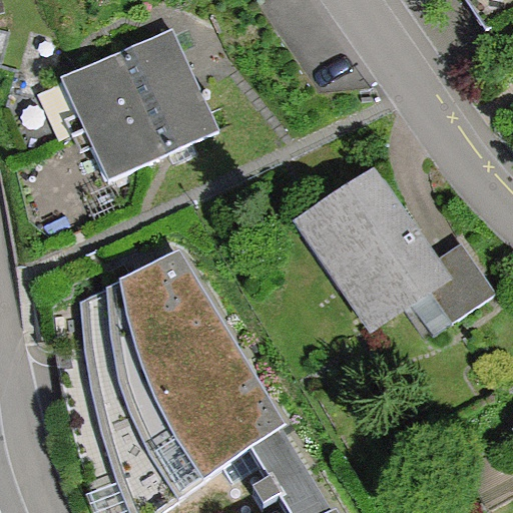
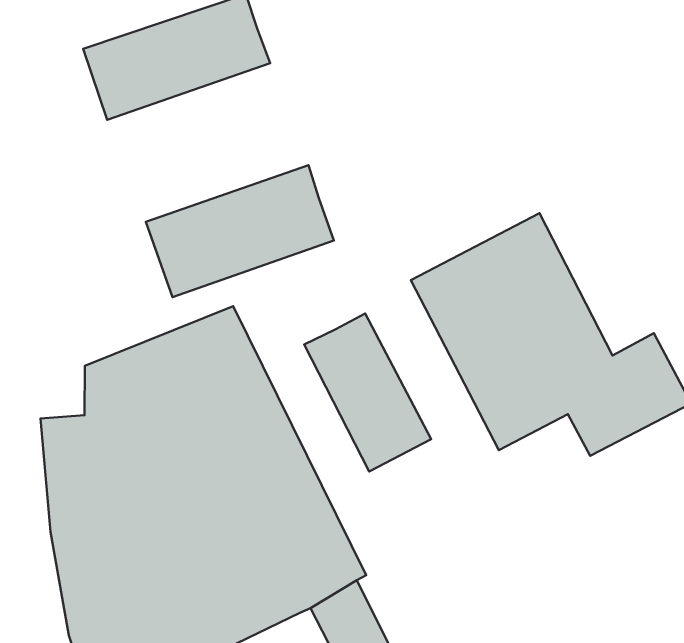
building: [81,80,211,179] -> [146,165,334,297]
building: none -> [304,313,431,471]

